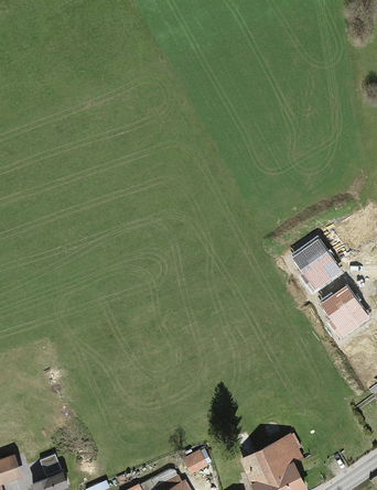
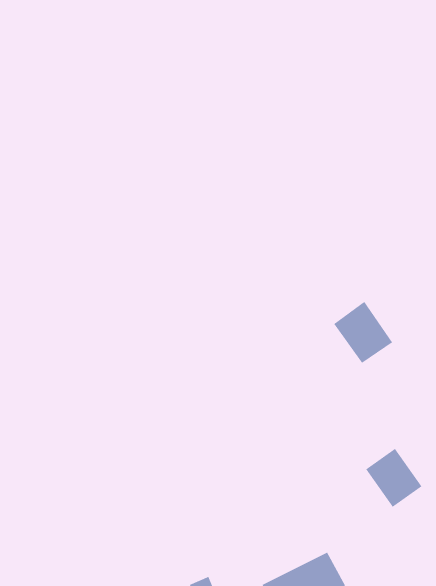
building: [324,287,368,334] -> [365,448,422,508]

